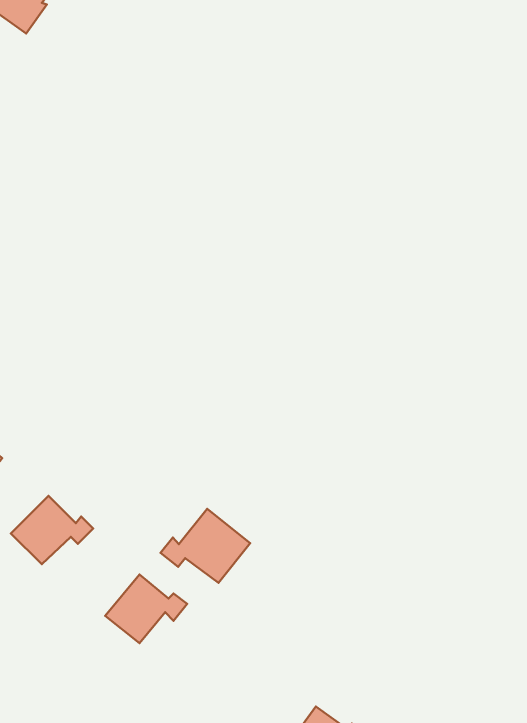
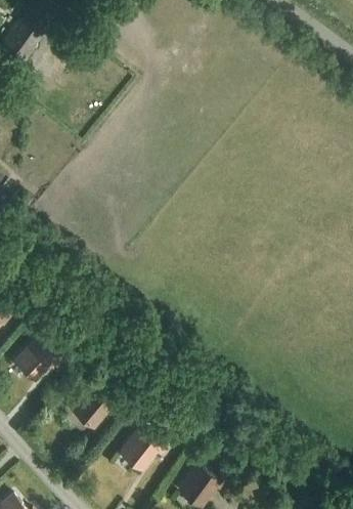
building: [161,509,250,583] -> none
building: none -> [117,430,166,471]

